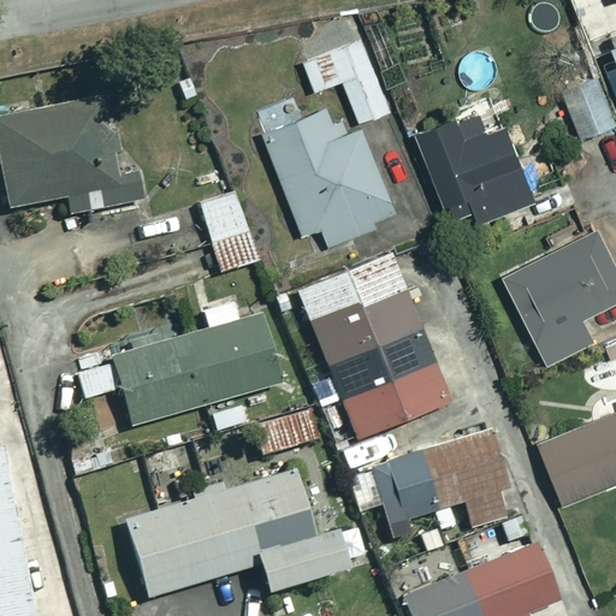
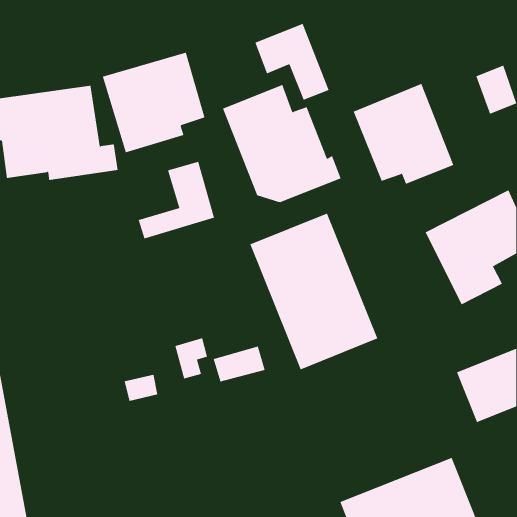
building: none -> [102,52,205,153]
building: [76,296,285,425] -> none
building: [369,433,509,526] -> none
building: [125,470,366,597] -> none

